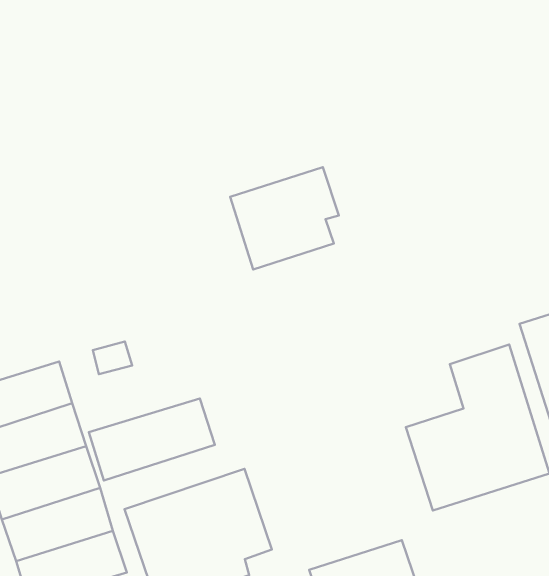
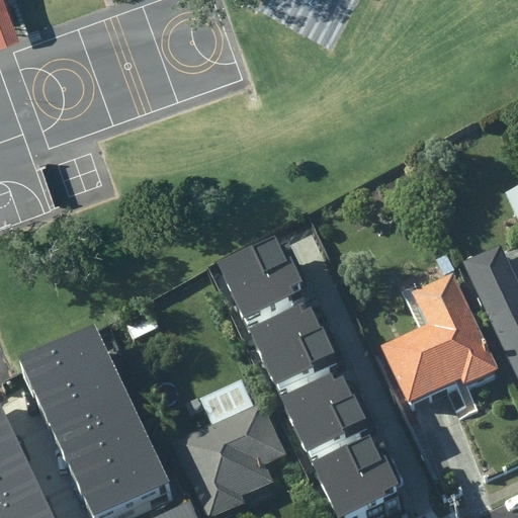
building: [230,167,339,269] -> [221,239,308,326]
building: none -> [253,309,348,391]
building: [89,399,215,481] -> none
building: none -> [284,375,379,457]

